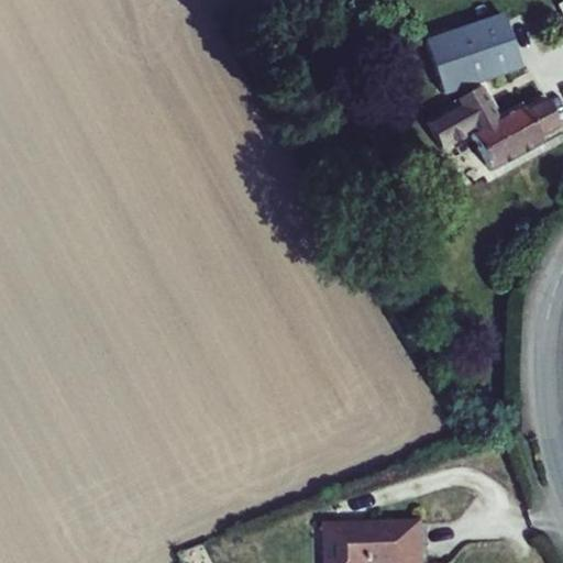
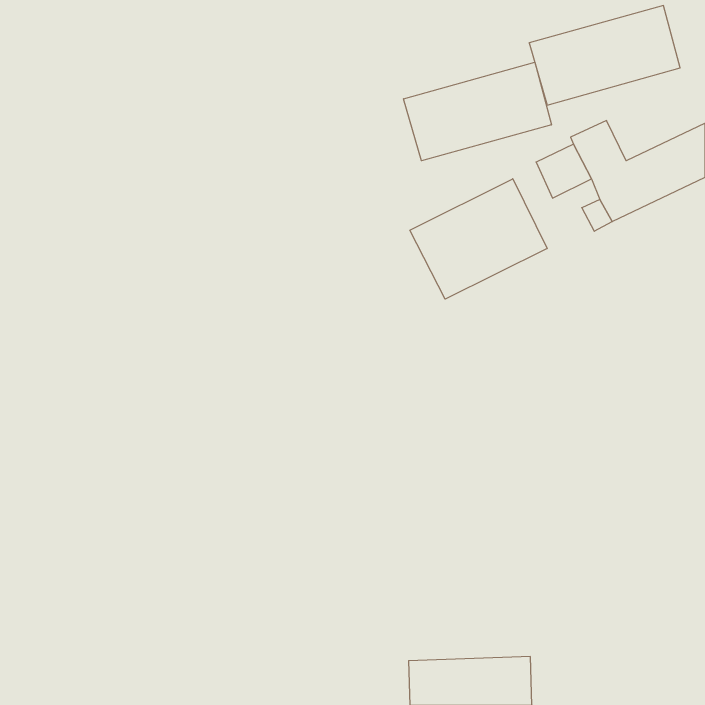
building: none -> [404,62,551,161]
building: none -> [410,179,547,299]

